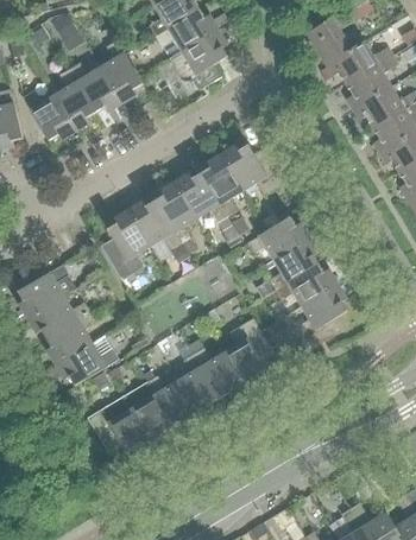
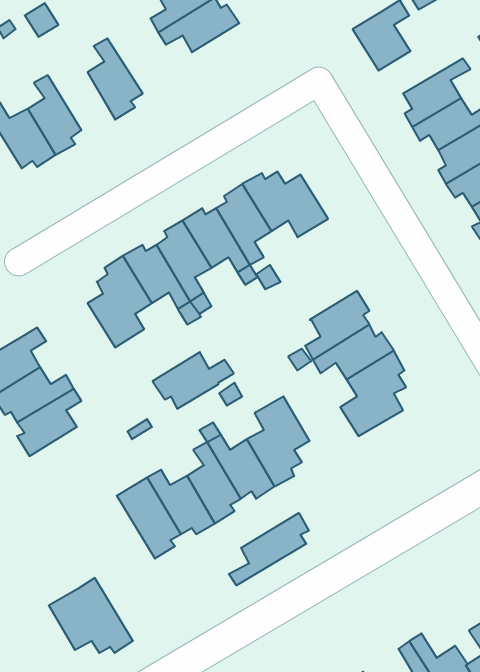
building: [169,28,227,90] -> none
building: [326,42,391,83] -> none
building: [69,62,121,112] -> none
building: [246,216,309,259] -> none
building: [55,342,118,386] -> [153,352,234,409]
building: [87,395,152,453] -> [49,578,133,653]
building: none -> [229,513,309,585]

